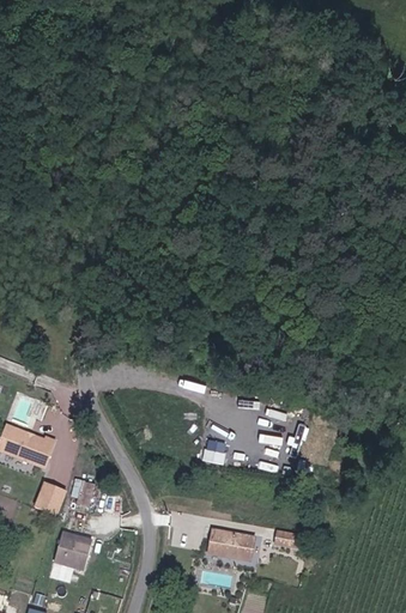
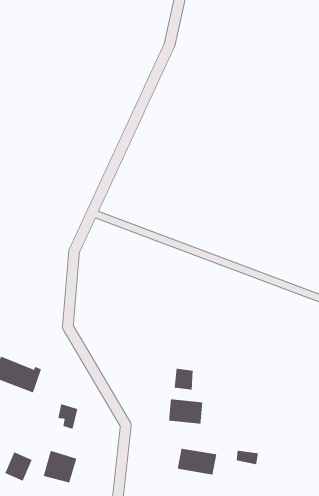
building: none -> [169,398,203,425]
building: [35,482,67,517] -> [4,451,33,482]

